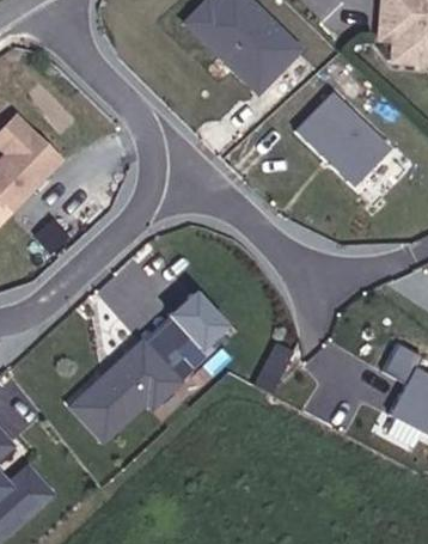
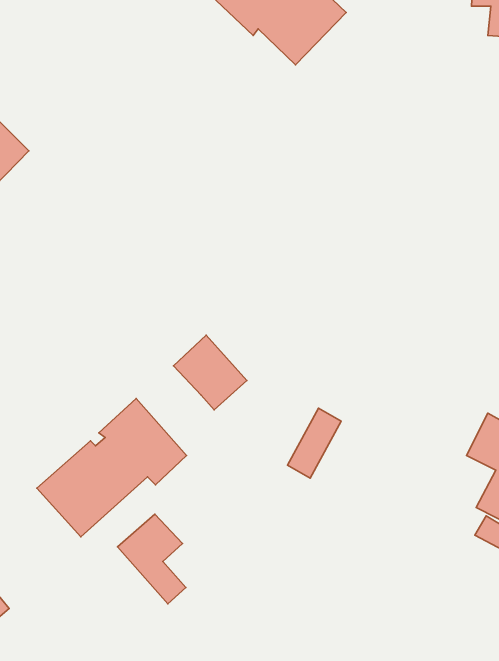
building: [295,97,389,189] -> none
building: [143,313,194,379] -> [117,514,186,604]

